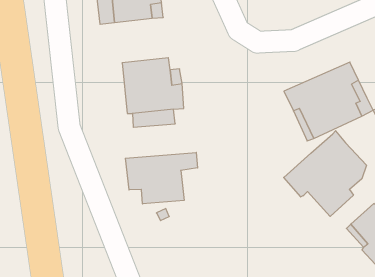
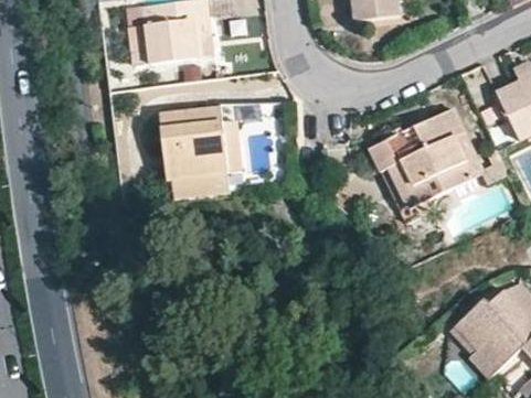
building: [284,131,366,216] -> none
building: [125,152,198,204] -> none

